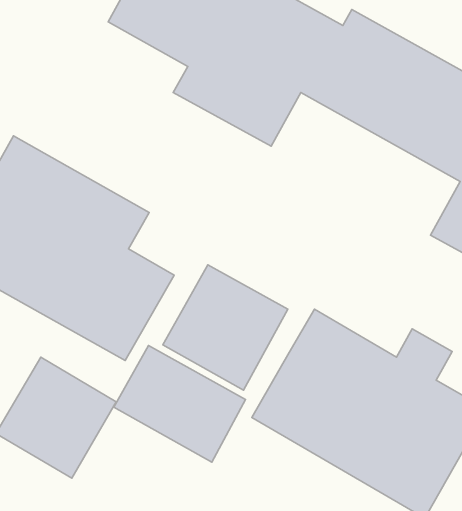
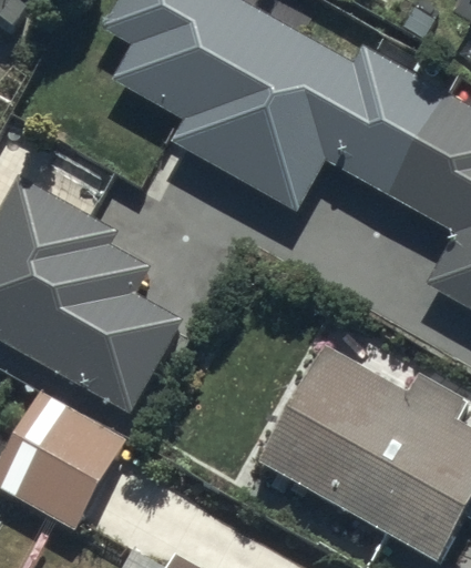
building: [163,265,288,390] -> none
building: [114,346,245,462] -> none

